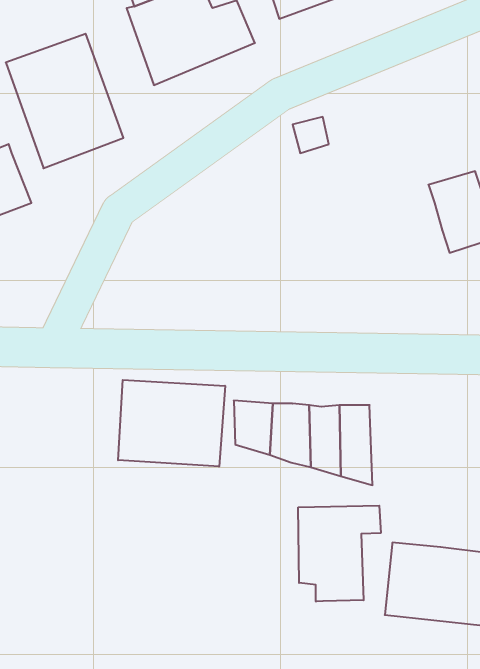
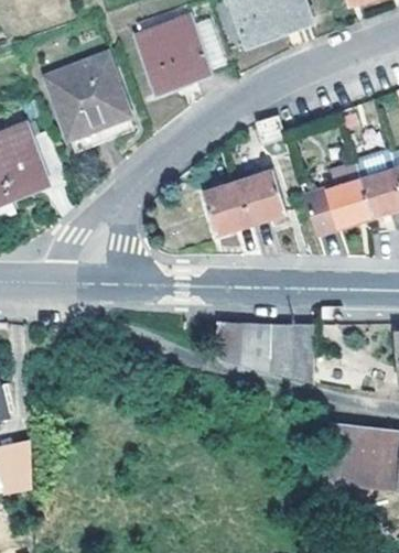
building: none -> [201,167,284,231]
building: none -> [303,177,370,230]
building: [118,380,225,467] -> none
building: [298,506,381,602] -> none

